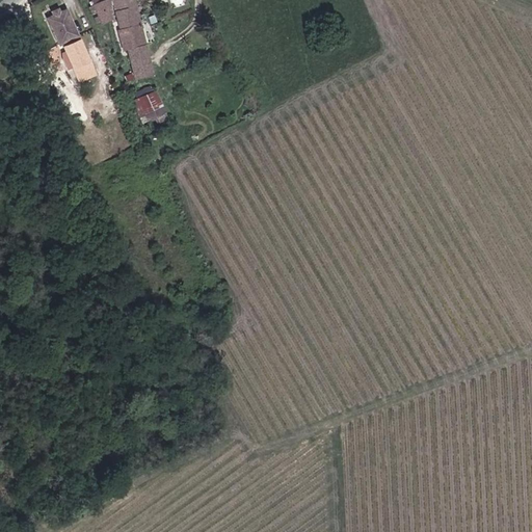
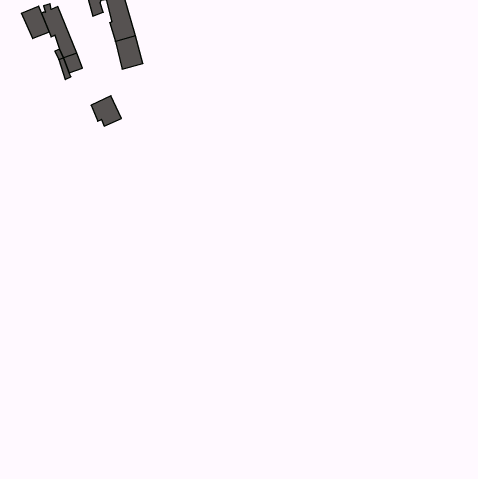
building: none -> [22,6,49,39]
building: [132,88,165,122] -> [91,96,121,126]

